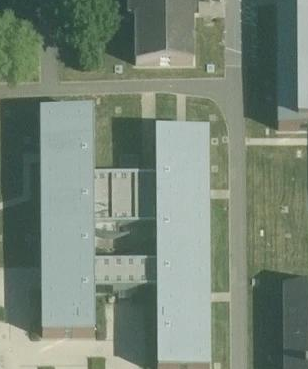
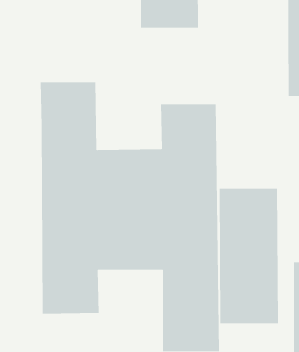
building: none -> [219,188,278,324]

